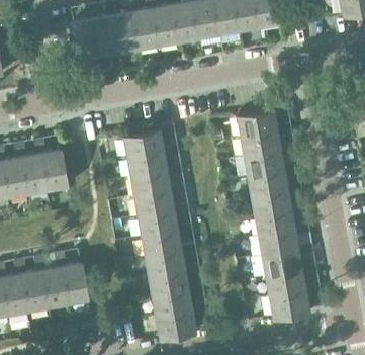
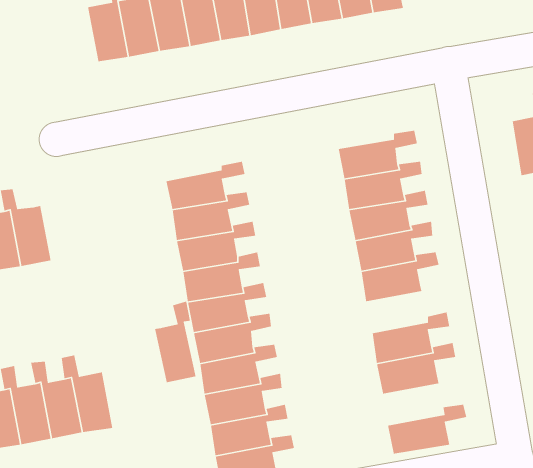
building: [33,140,67,191] -> none
building: [254,205,306,239] -> none
building: none -> [154,300,197,383]
building: [265,265,316,299] -> none

